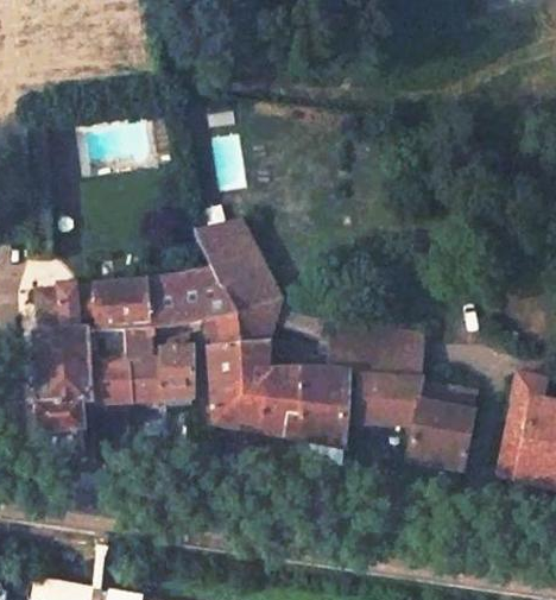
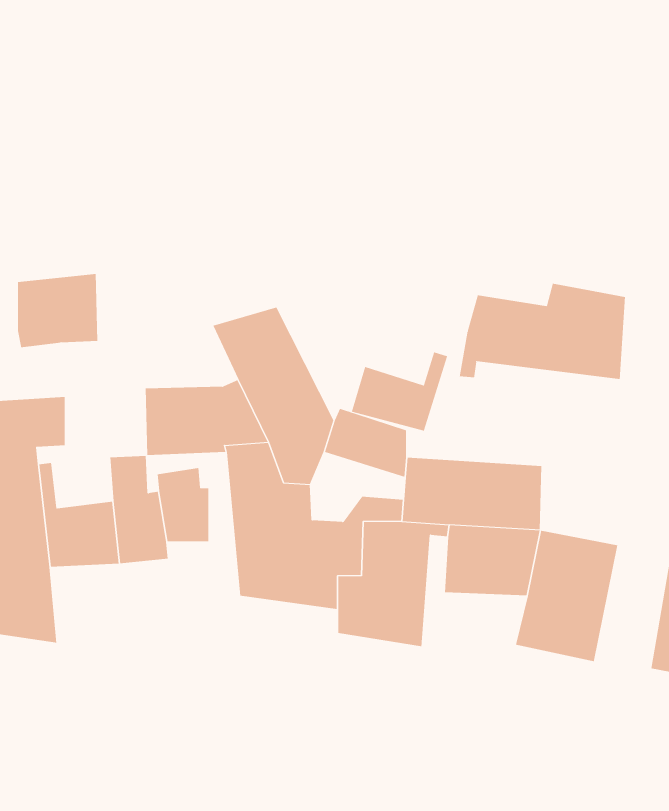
building: none -> [459,283,625,380]
building: none -> [351,351,448,431]
building: [91,278,149,330] -> [17,274,98,348]

